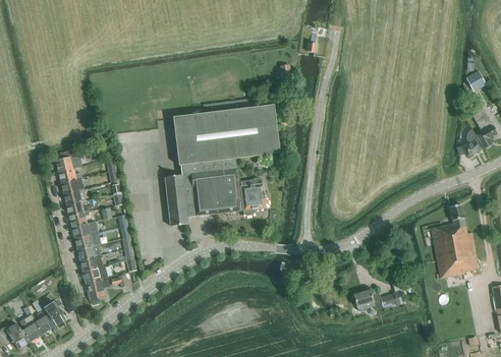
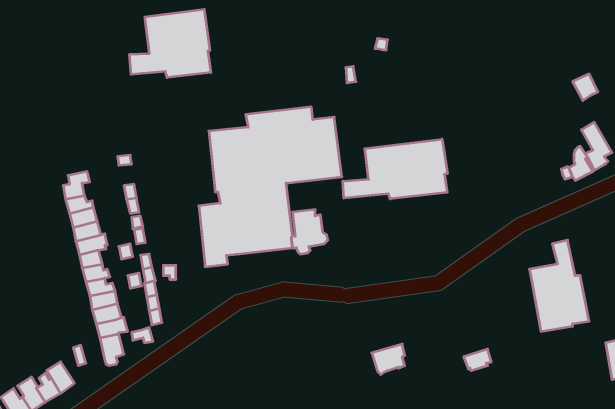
building: none -> [130,9,211,78]
building: none -> [343,139,447,199]
building: [353,287,380,311] -> [372,344,405,375]

